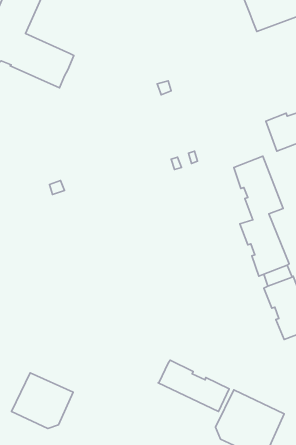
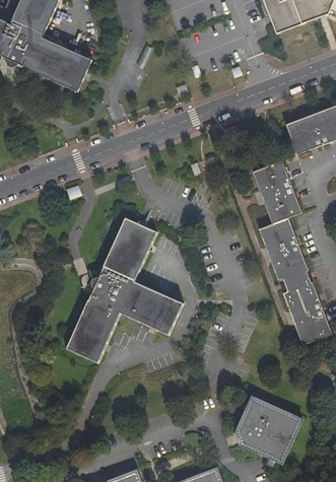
building: none -> [65,217,182,362]
building: [158,360,229,412] -> none
building: [11,373,73,428] -> none

